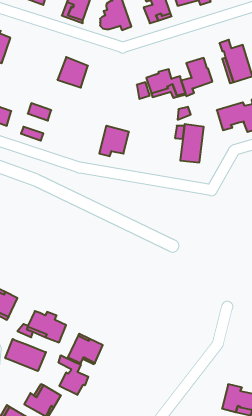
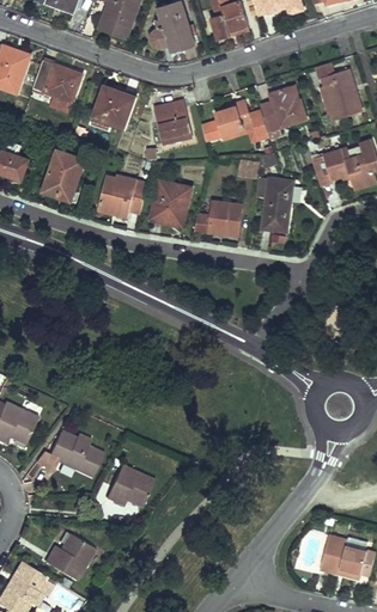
building: none -> [32,60,81,102]
building: none -> [154,100,190,143]
building: none -> [45,163,79,190]
building: none -> [97,175,147,213]
building: none -> [194,201,242,234]
building: [5,339,46,371] -> none
building: [59,355,88,395] -> none

